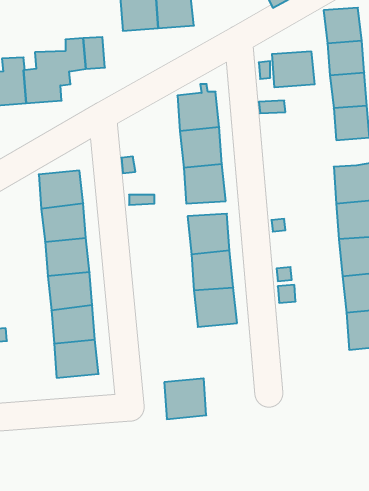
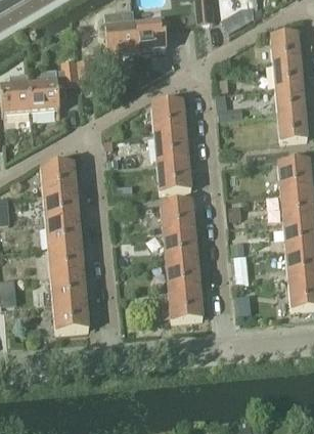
building: [272,51,315,87] -> none
building: [164,378,206,419] -> [169,287,203,319]

